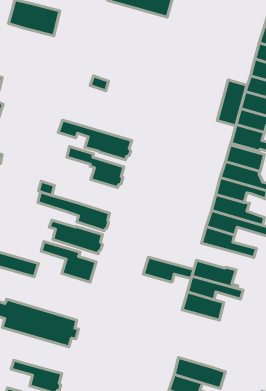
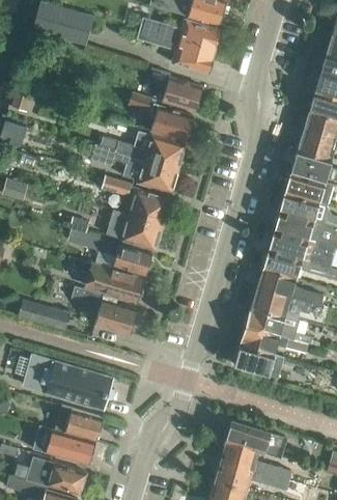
building: none -> [136,17,218,73]
building: none -> [147,67,200,110]
building: [217,80,247,126] -> none
building: none -> [150,103,192,140]
building: none -> [103,132,184,168]
building: none -> [105,210,161,247]
building: [143,257,194,282] -> [252,288,311,317]
building: none -> [53,405,102,441]

